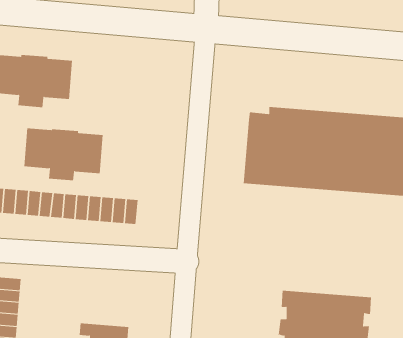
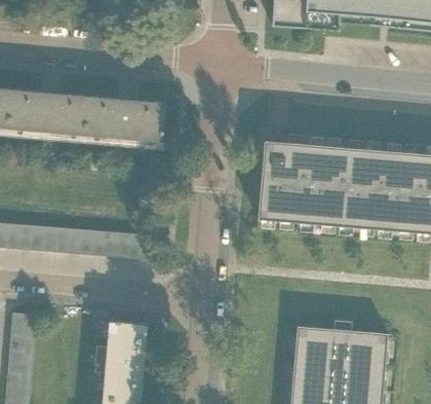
building: [24,128,103,181] -> [84,95,164,148]
building: none -> [94,320,147,362]

